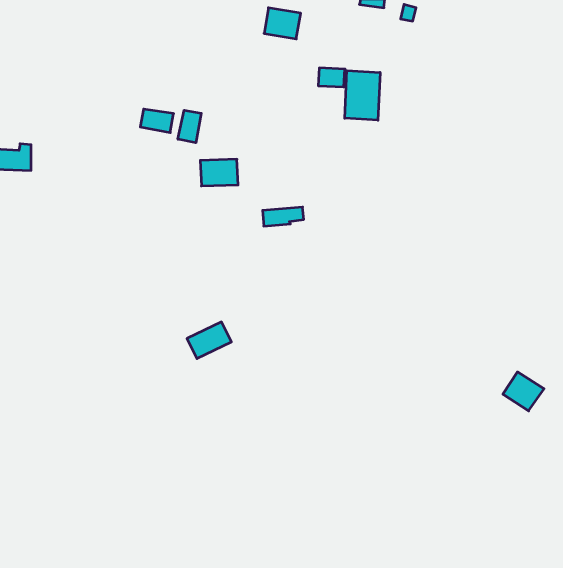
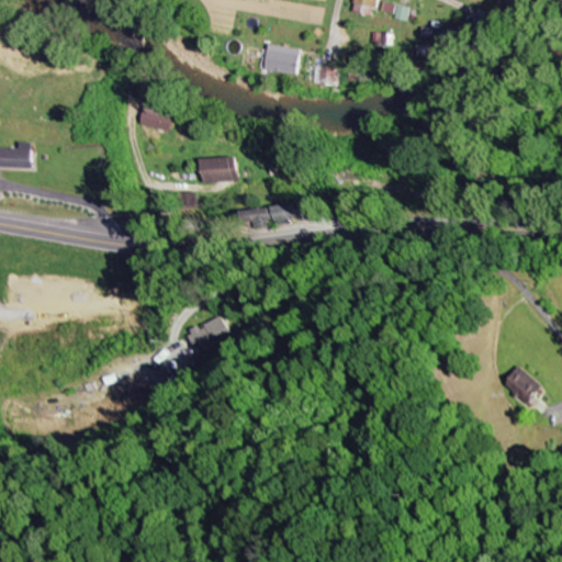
building: [264,8,301,39] -> [265,45,301,76]
building: [345,71,380,120] -> none
building: [178,110,201,143] -> none

